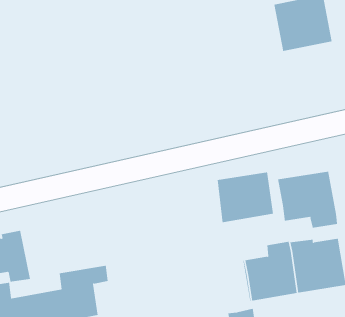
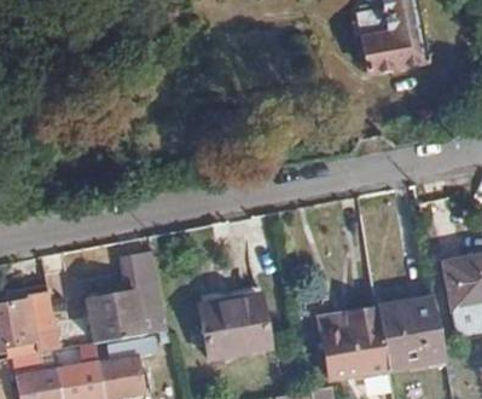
building: [278,171,338,229] -> none
building: [217,172,274,223] -> [198,295,267,357]
building: none -> [88,254,167,342]

